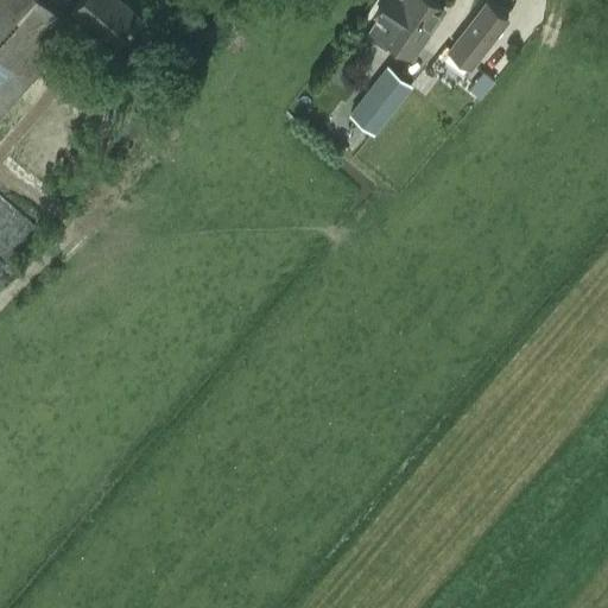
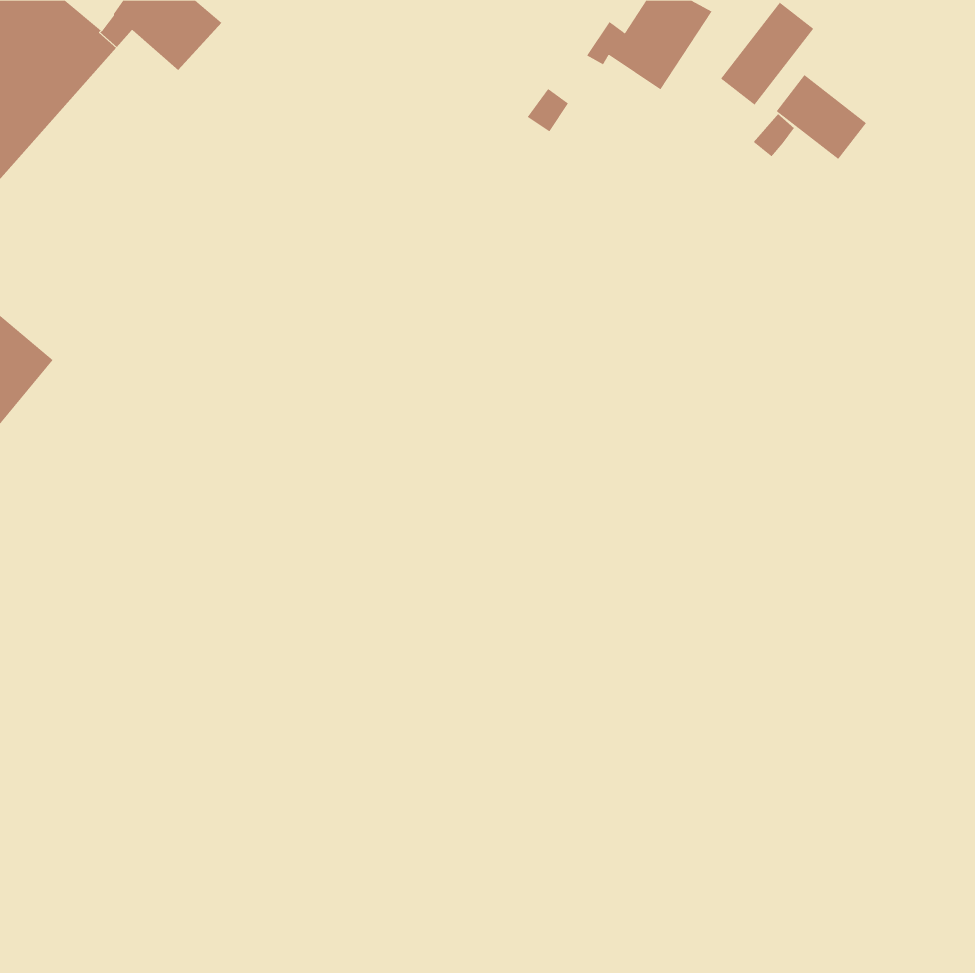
building: none -> [776,74,867,160]
building: [348,68,408,132] -> none

